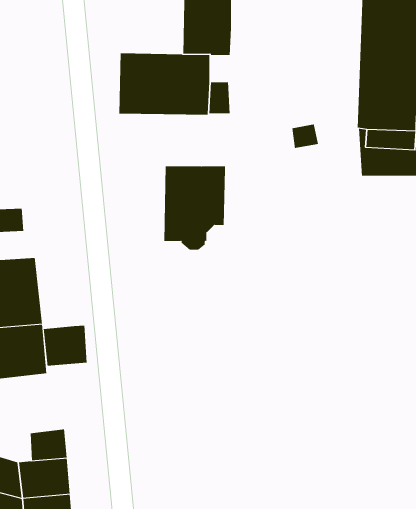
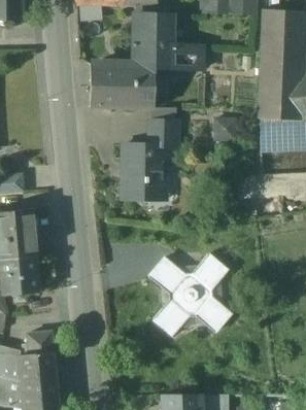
building: none -> [169,46,203,67]
building: none -> [148,121,176,146]
building: none -> [147,250,235,334]
building: [43,325,87,367] -> none

